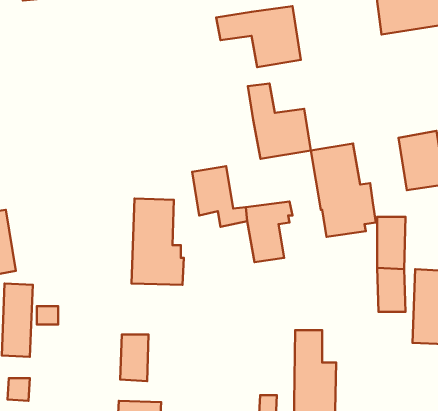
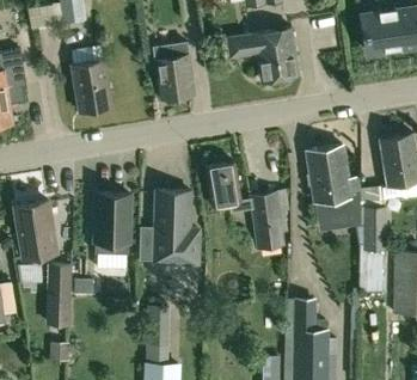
building: none -> [153,43,194,99]
building: none -> [70,61,110,111]
building: [248,83,311,159] -> none
building: none -> [93,194,128,269]

